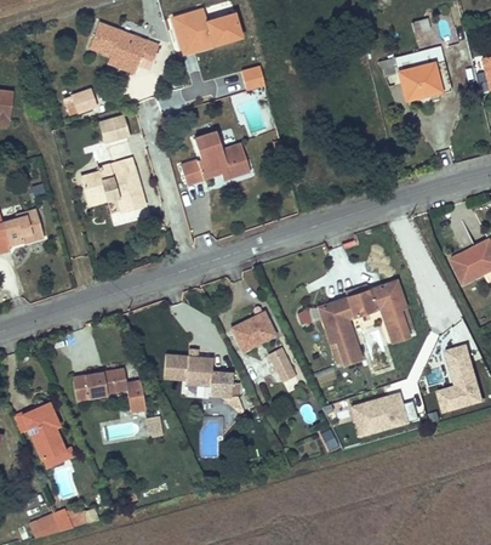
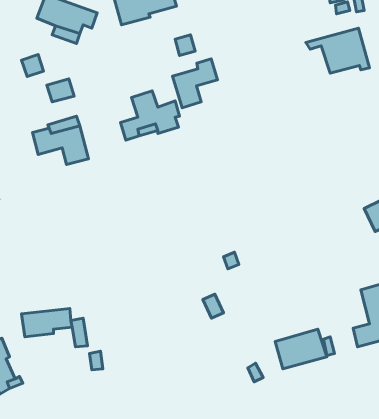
building: none -> [173,59,218,108]
building: [316,280,410,365] -> none
building: [233,311,275,348] -> none
building: [164,352,242,414] -> none

